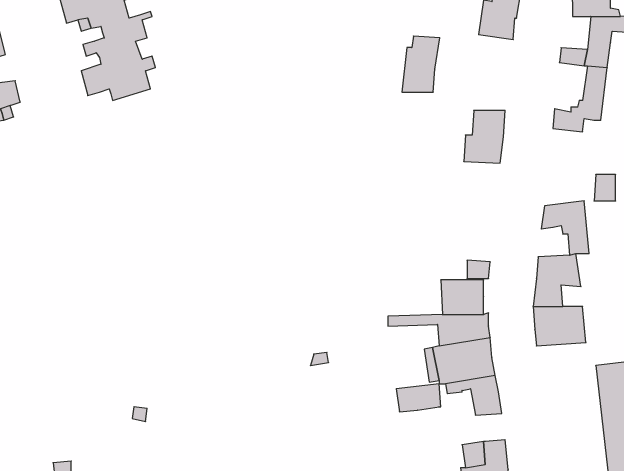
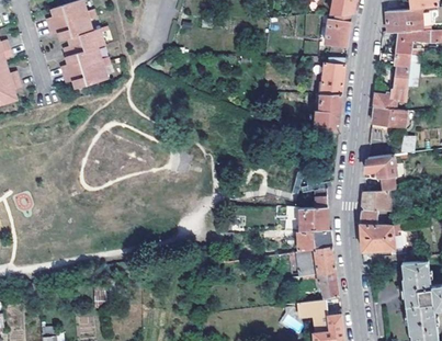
building: [402,36,440,92] -> [320,57,345,94]
building: none -> [371,106,407,127]
building: [396,384,441,412] -> [298,299,328,318]

